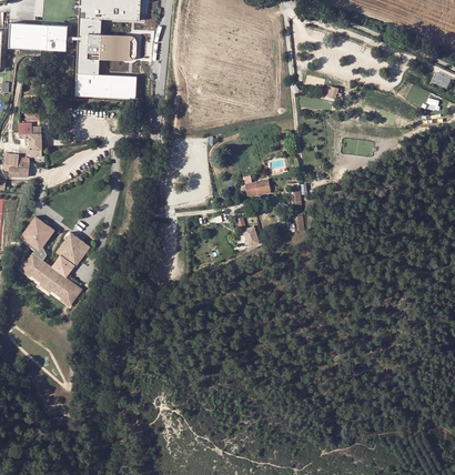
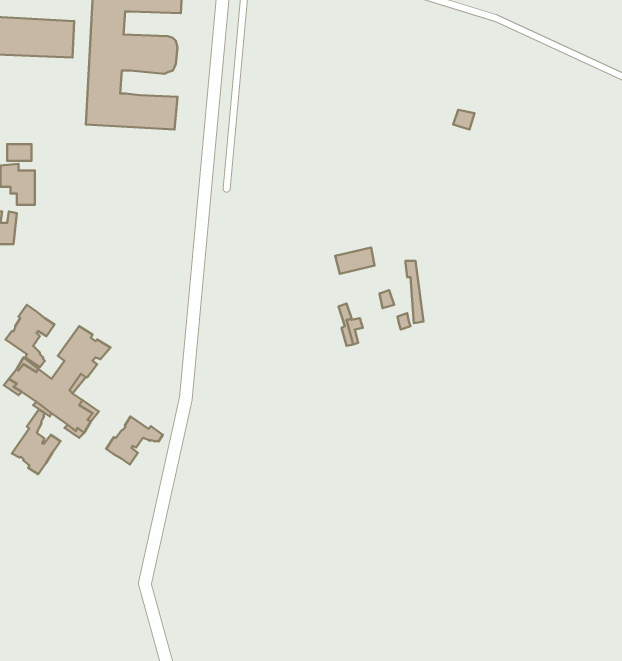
building: none -> [12,410,61,474]
building: none -> [106,417,163,465]

